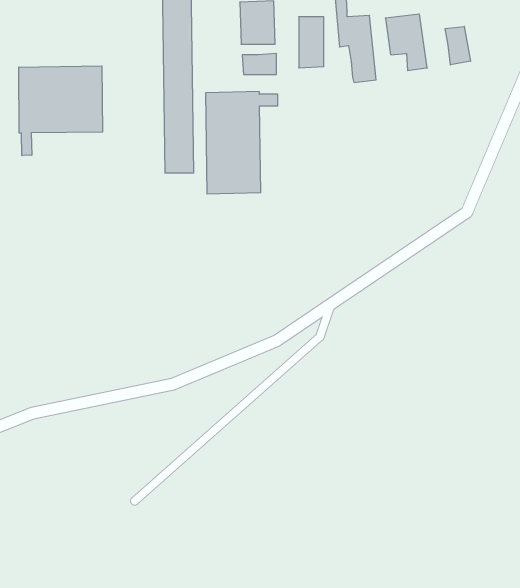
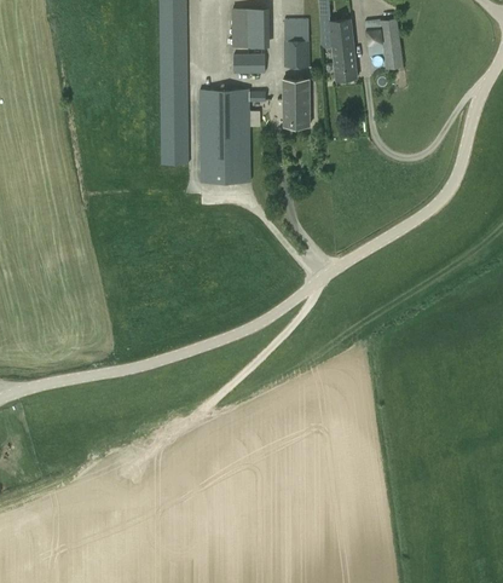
building: [445,26,471,65] -> none
building: [19,66,102,156] -> none
building: none -> [283,80,310,127]

